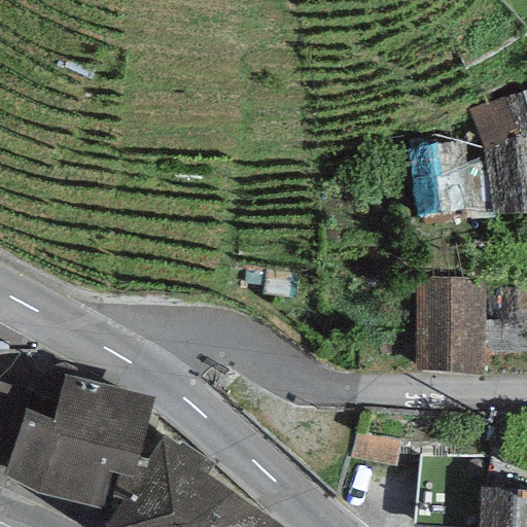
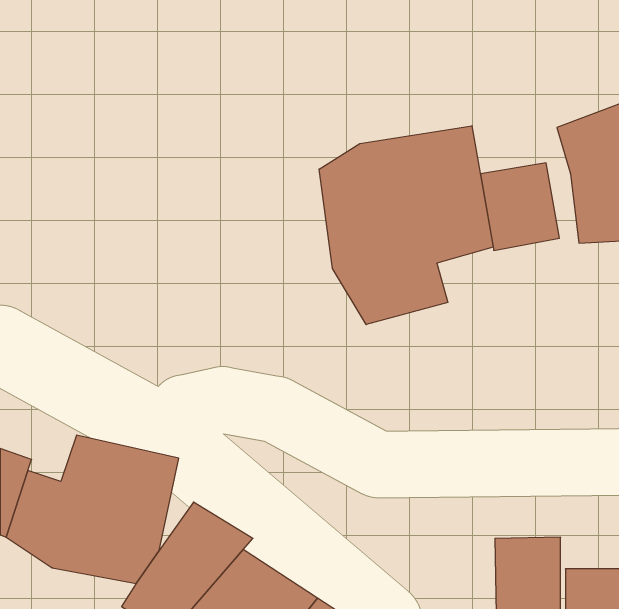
building: none -> [319,126,493,325]
building: [414,288,489,372] -> none

